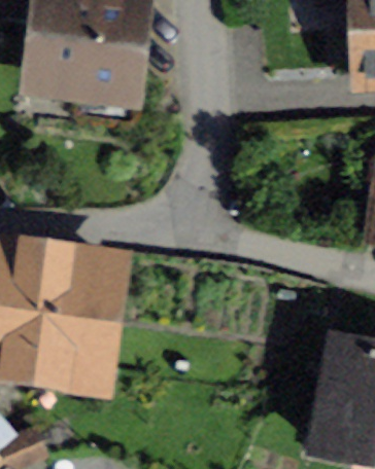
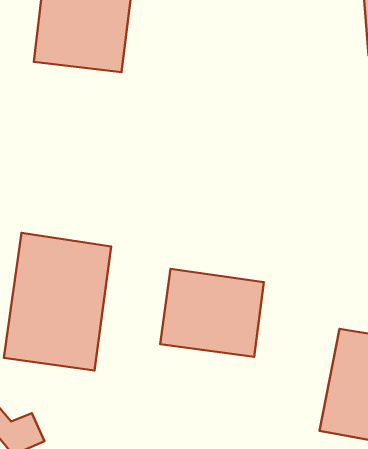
building: none -> [160,269,264,357]

